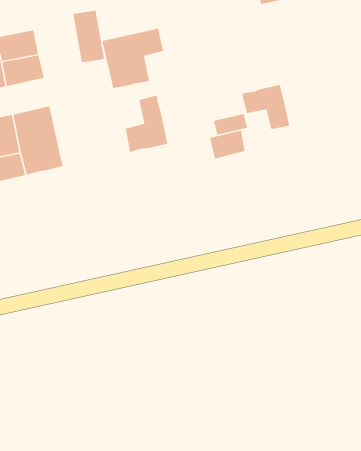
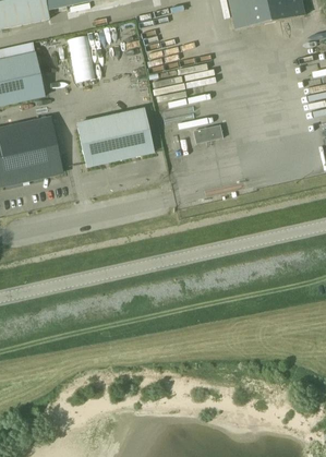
building: [101,28,164,89] -> [76,111,131,165]
building: [241,84,290,130] -> none
building: [209,130,245,159] -> none

